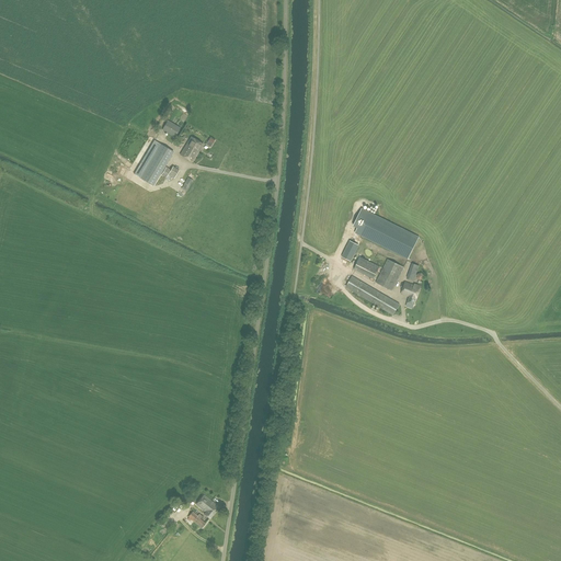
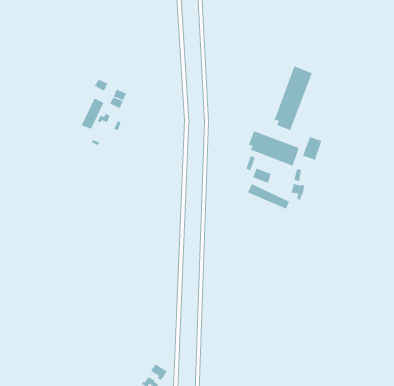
building: none -> [274,66,312,131]
building: [375,256,402,288] -> [302,136,322,160]

